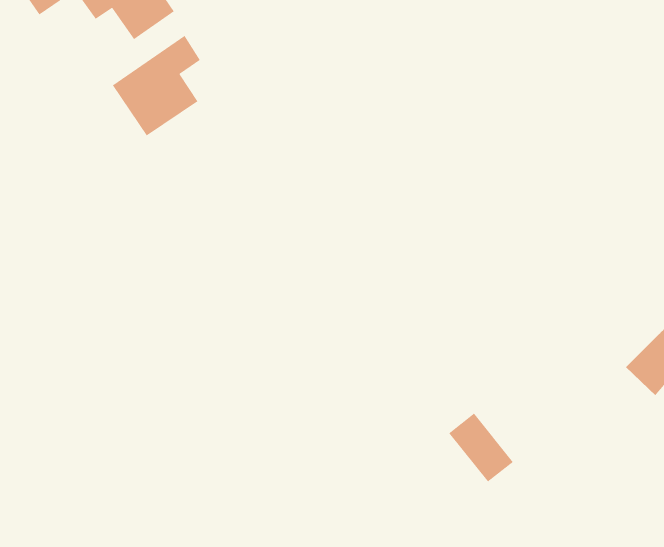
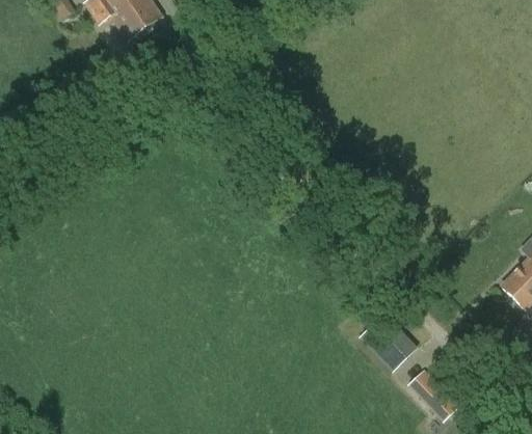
building: [112,35,201,136] -> none
building: none -> [410,368,453,411]

